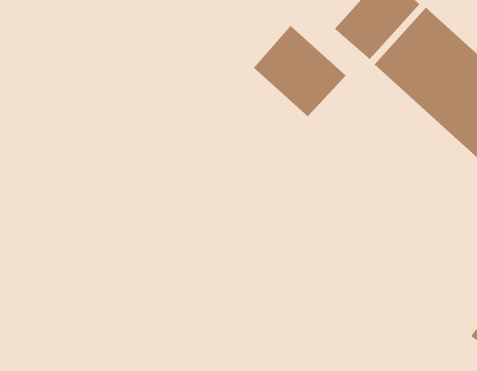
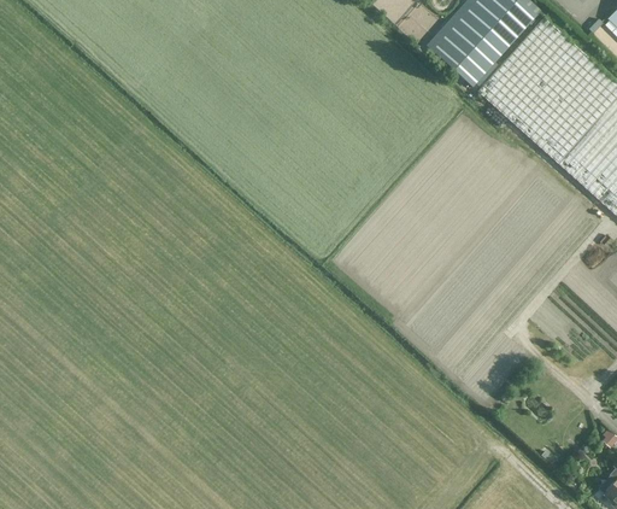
building: [253,25,346,117] -> none

